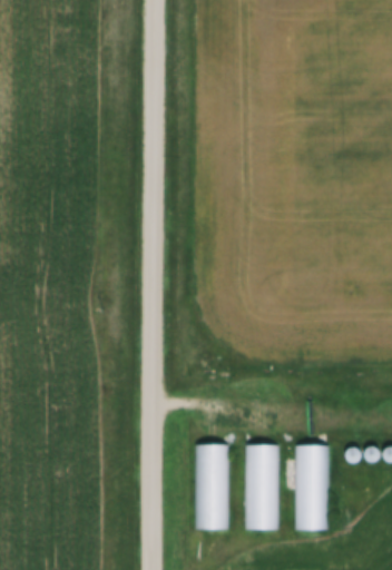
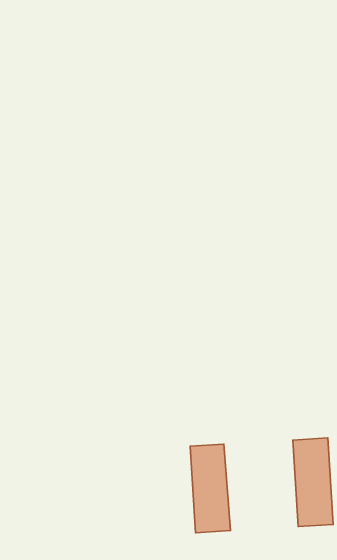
building: [245,445,280,528] -> none

